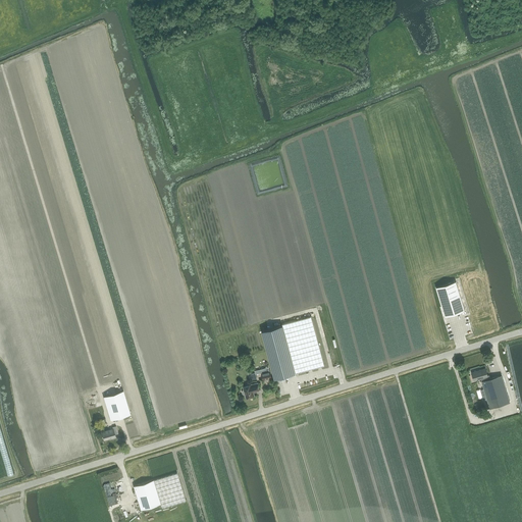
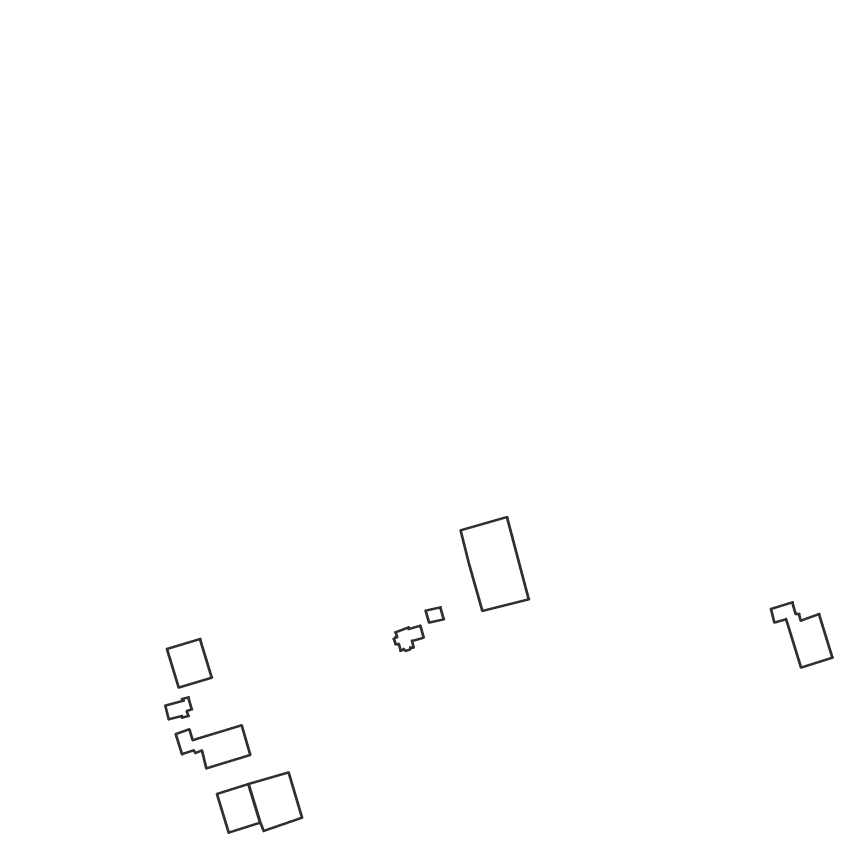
building: [435,281,464,317] -> none
building: [261,326,294,380] -> none
building: none -> [176,725,250,768]

